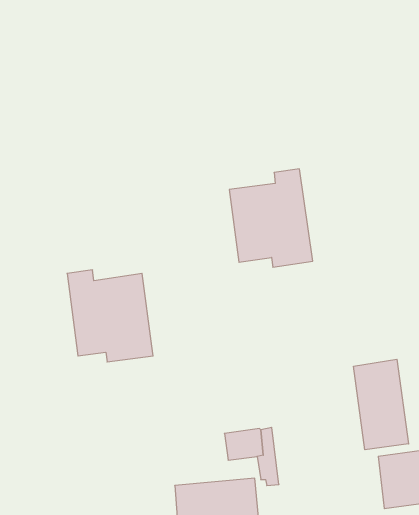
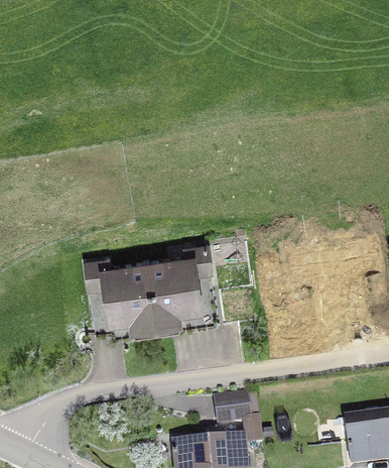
building: [229,169,313,267] -> [147,247,217,329]
building: [354,359,409,450] -> none

